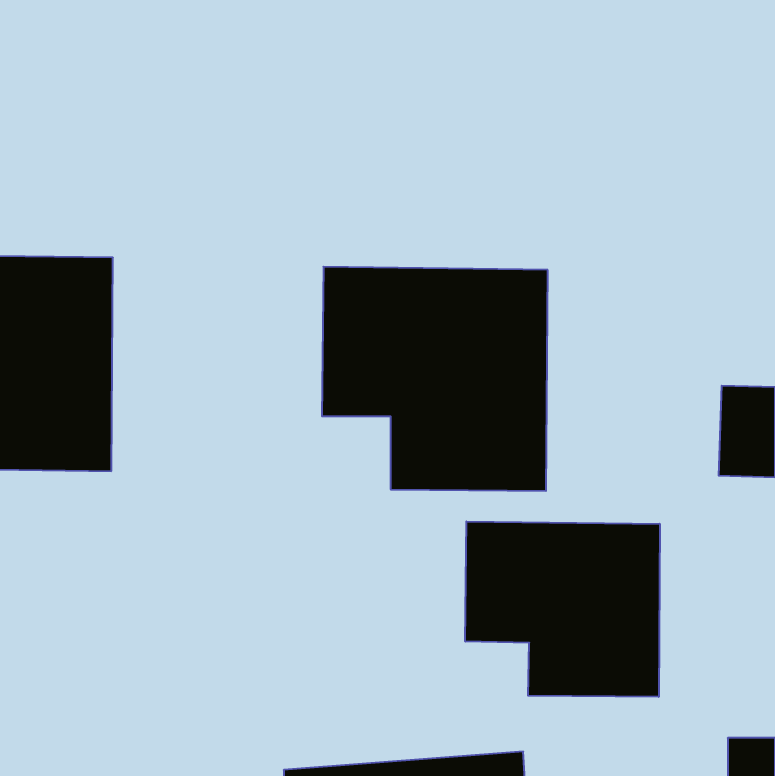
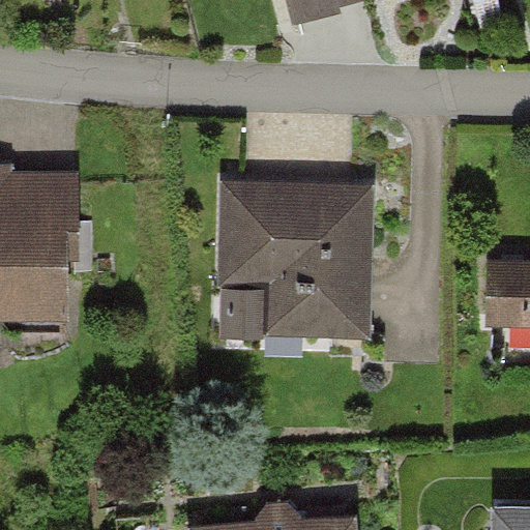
building: [465,521,660,697] -> none

